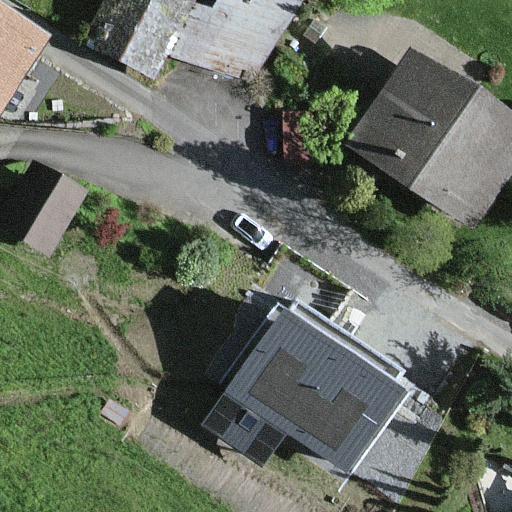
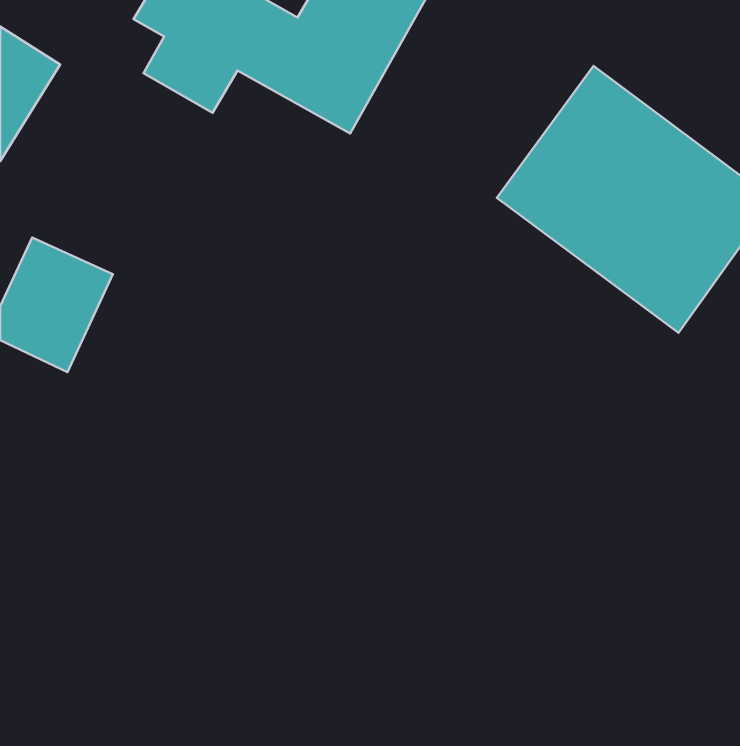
building: [213,308,407,463] -> none

